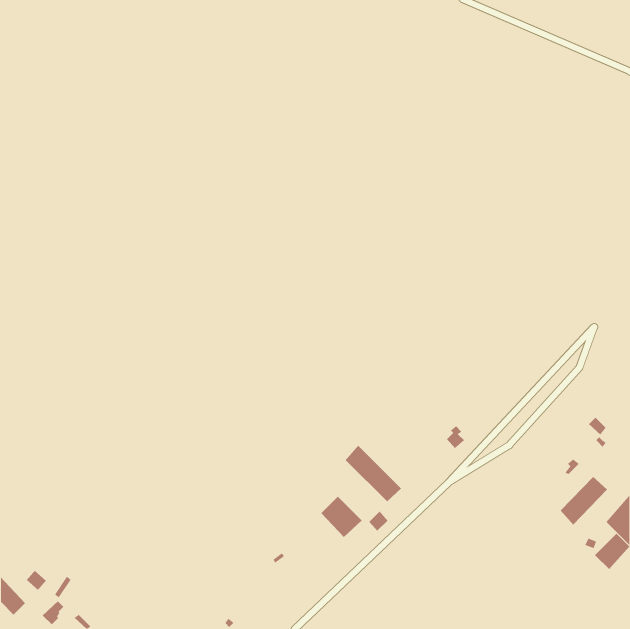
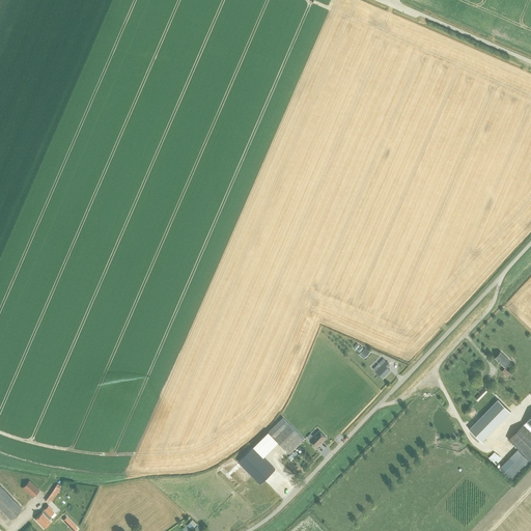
building: [345,445,402,502] -> none
building: none -> [239,446,276,483]

